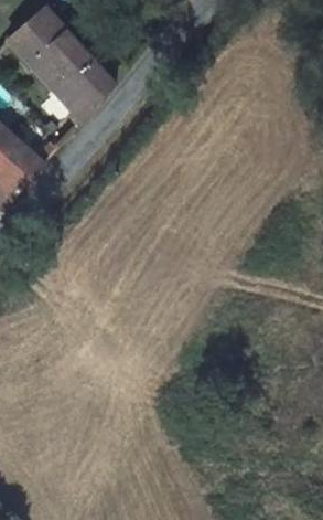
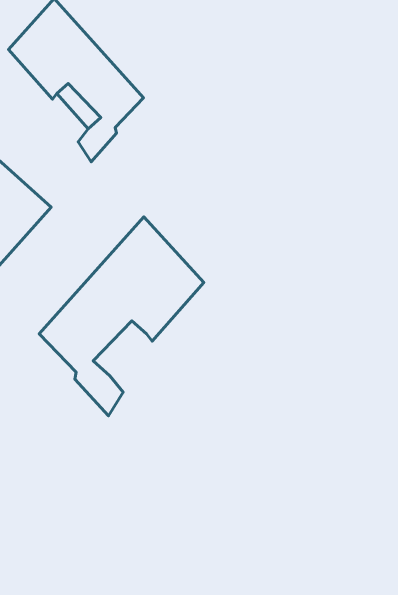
building: none -> [39,217,204,416]

